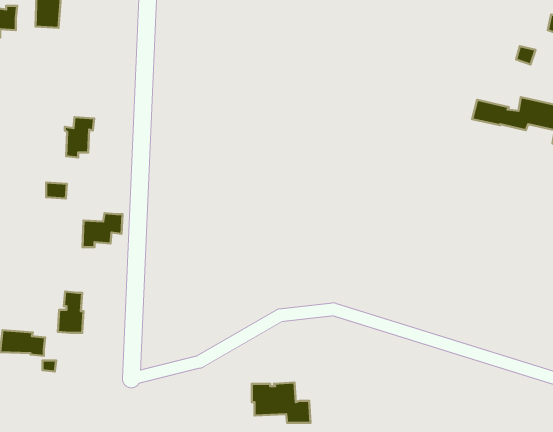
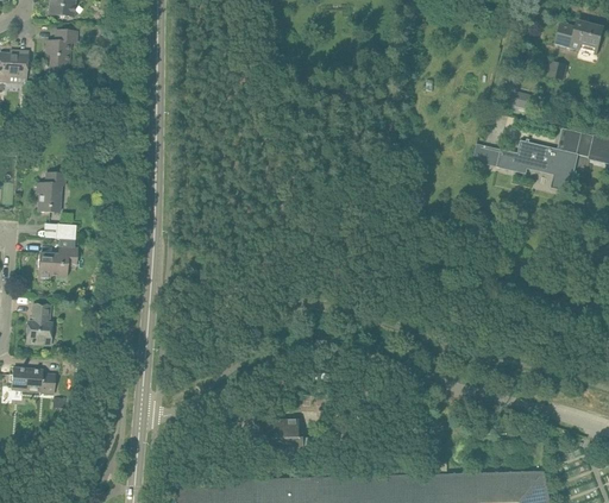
building: [65,117,94,157] -> [37,171,65,210]
building: [82,213,123,247] -> [38,245,77,278]
building: [58,292,83,333] -> [26,302,51,342]

